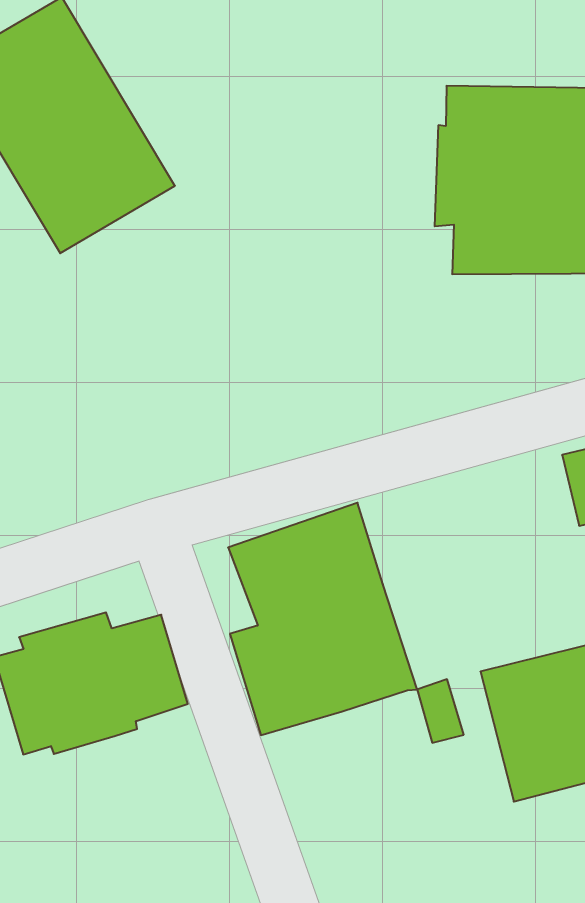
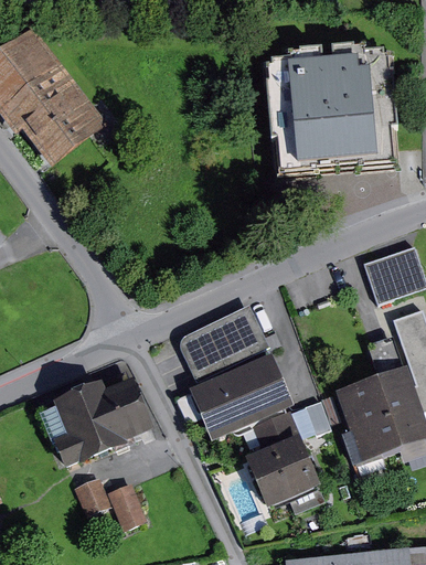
building: none -> [238,409,313,510]
building: none -> [78,476,153,532]

